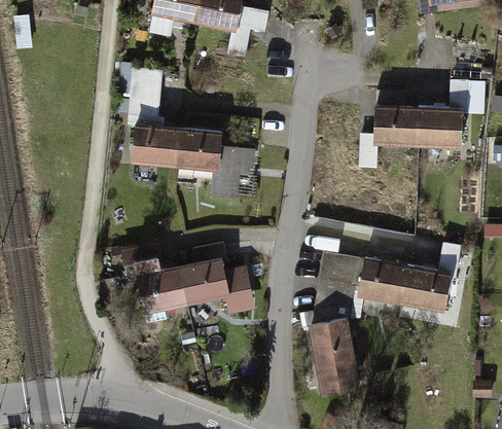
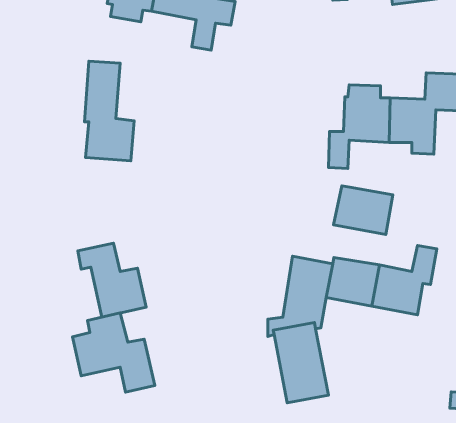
building: [172,126,254,201] -> none
building: none -> [333,186,393,235]
building: [178,243,256,318] -> [72,313,155,392]

